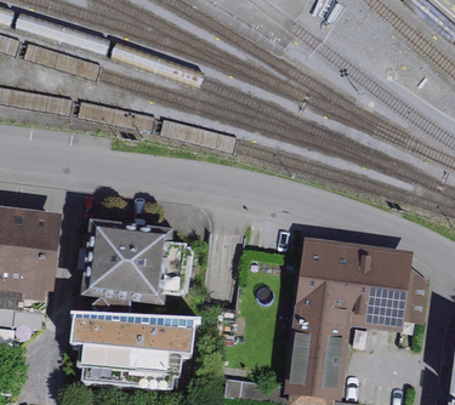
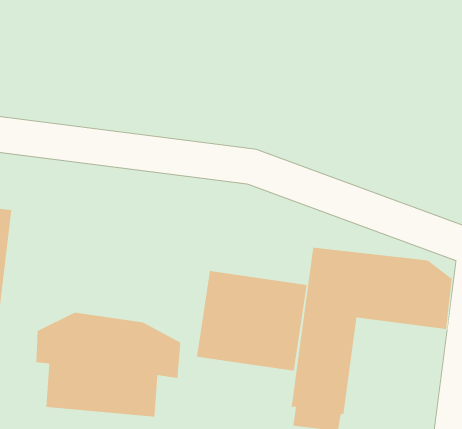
building: [81,226,175,310] -> [196,270,307,371]

